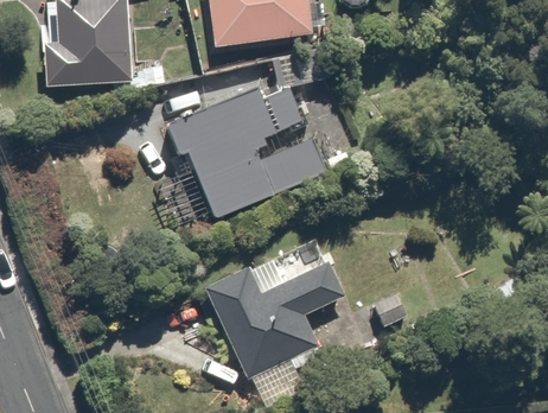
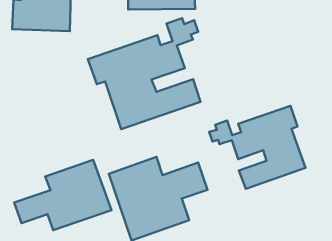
building: none -> [209,106,305,189]
building: none -> [14,160,111,230]

